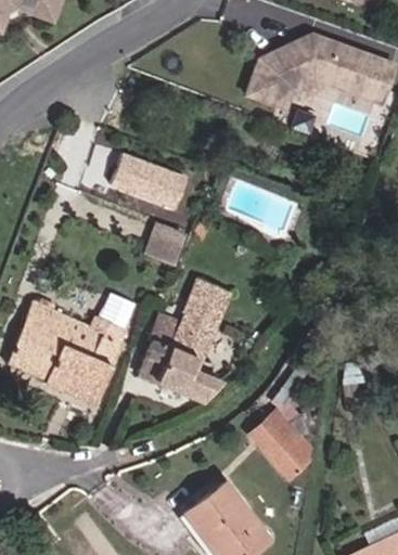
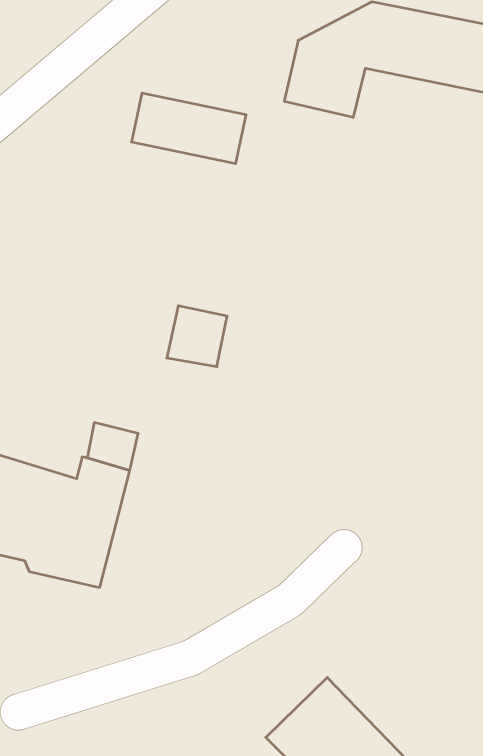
building: [117,153,195,207] -> [131,93,246,164]
building: [134,271,226,398] -> none
building: [252,415,319,485] -> none

